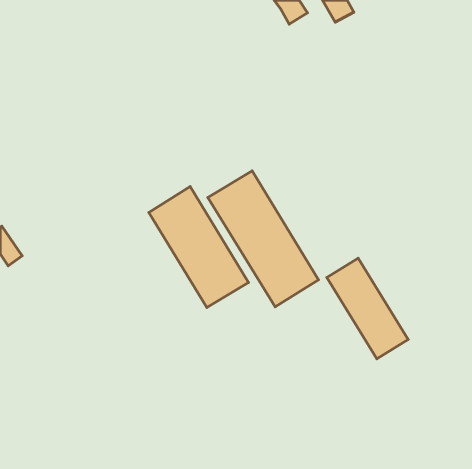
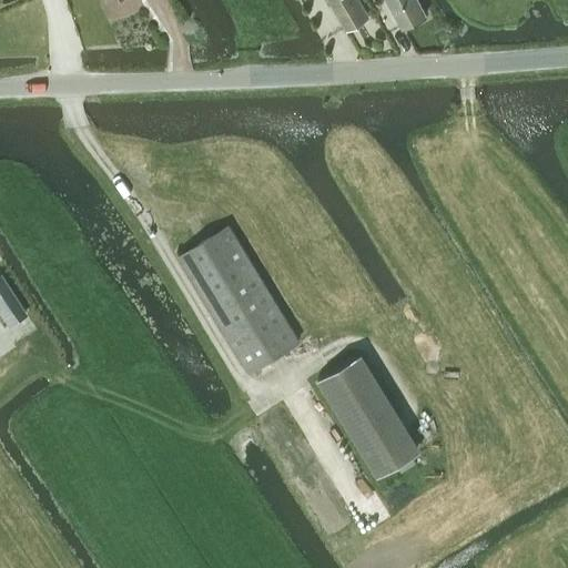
building: [208,171,319,307] -> none
building: [327,258,408,359] -> [317,359,415,480]

